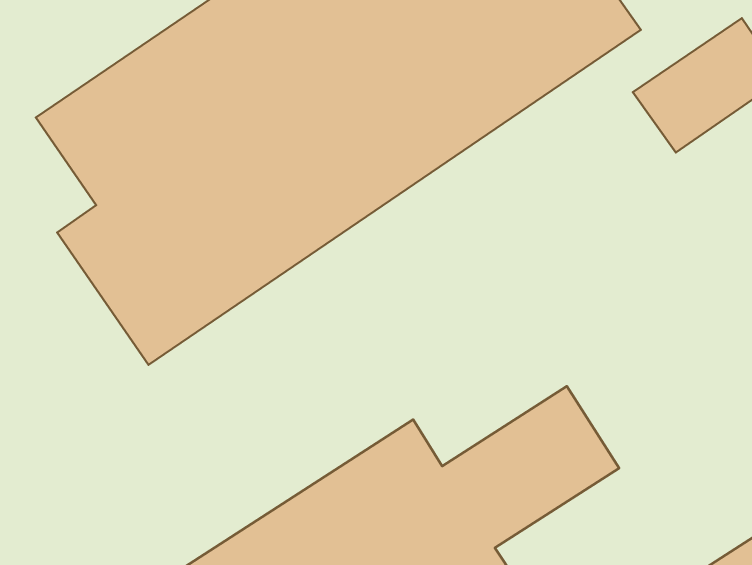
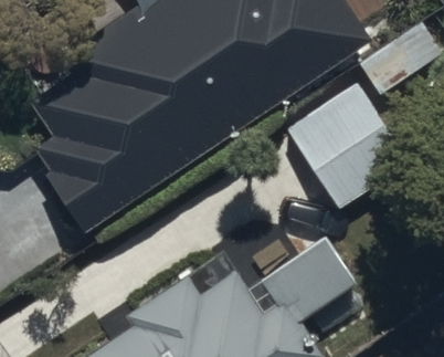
building: none -> [294,91,415,213]

